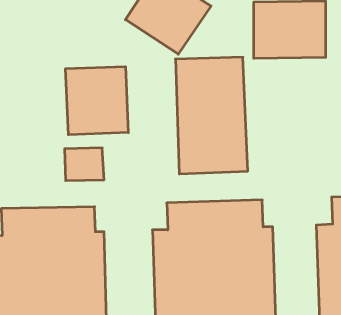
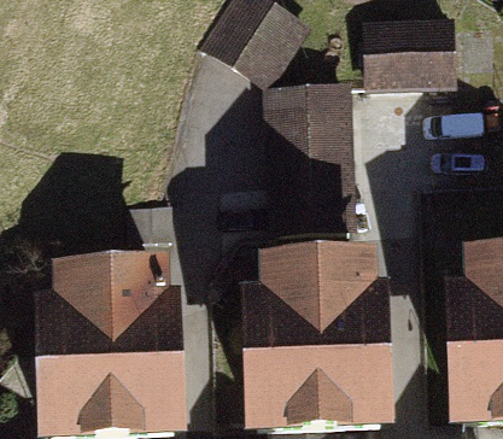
building: [66,67,128,135] -> none

